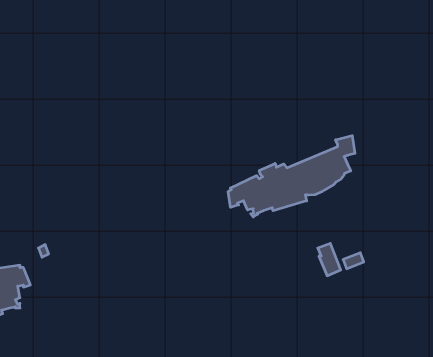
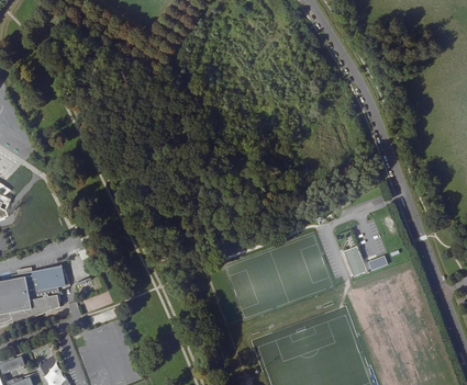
building: [228,136,355,217] -> none

